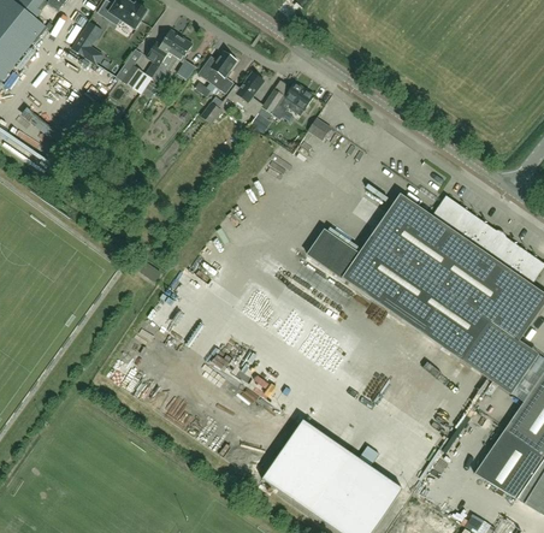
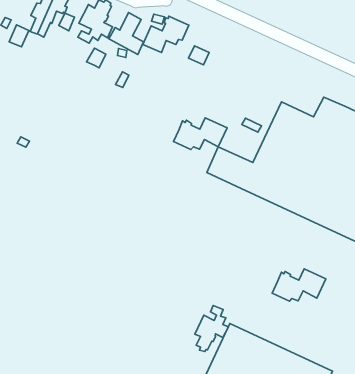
building: none -> [173,118,227,150]
building: none -> [272,269,326,301]
building: none -> [195,305,229,352]

